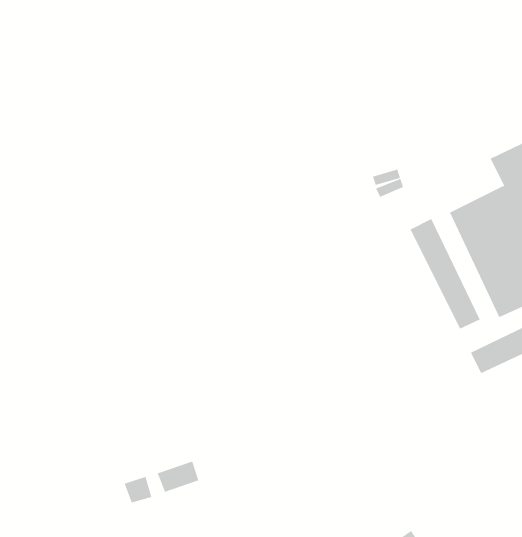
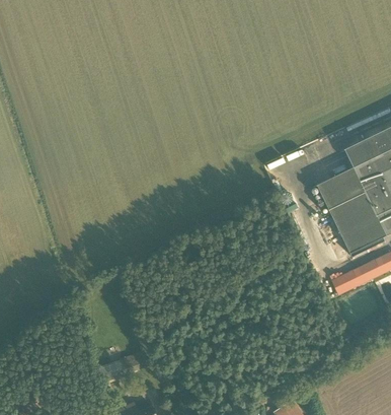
building: [410,218,481,329] -> none

